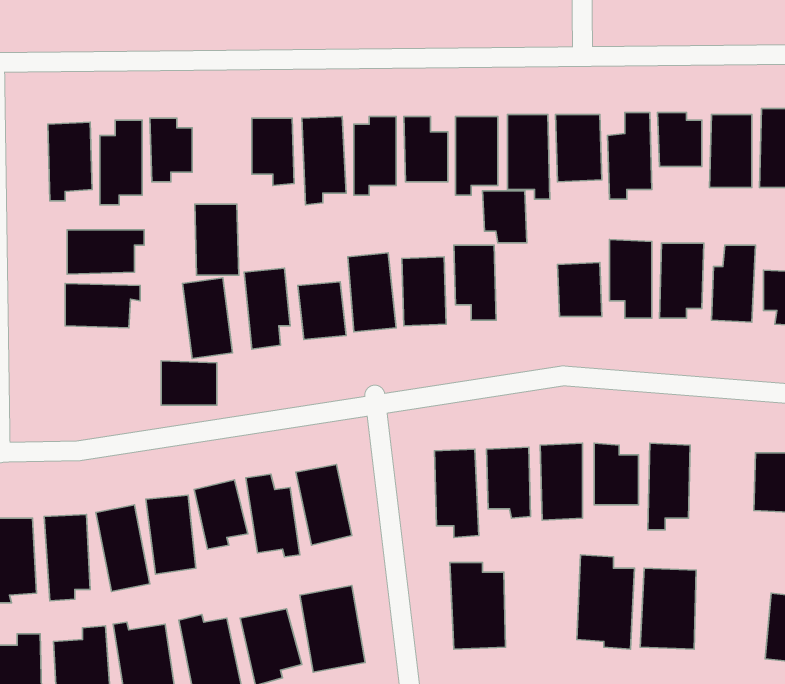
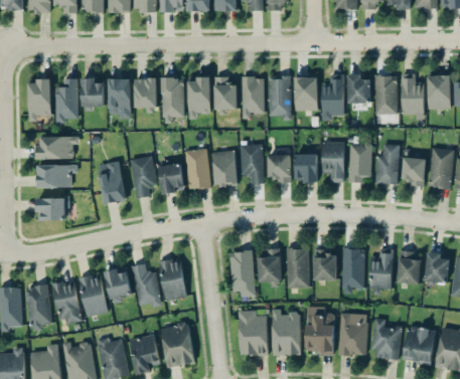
building: [483,191,527,243] -> [268,155,291,182]
building: [195,204,239,275] -> [108,78,131,116]
building: [161,361,217,405] -> [37,197,66,220]
building: none -> [369,248,393,294]
building: none -> [272,309,301,355]
building: none -> [371,318,401,359]

